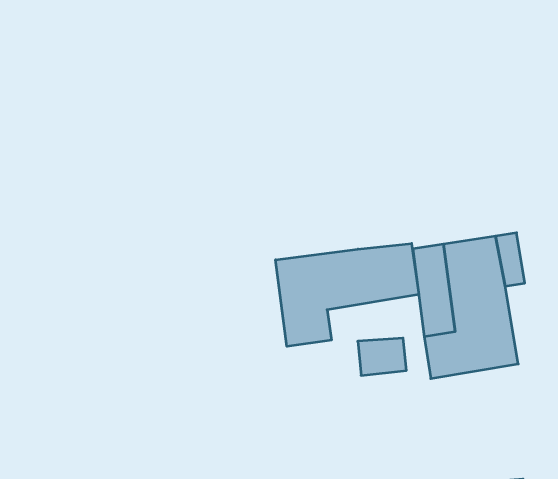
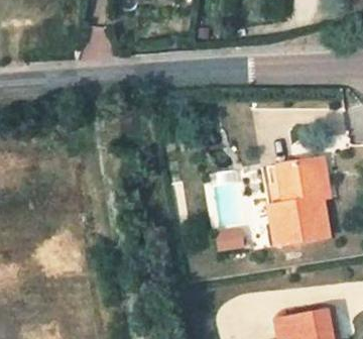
building: [276,243,419,346] -> none

